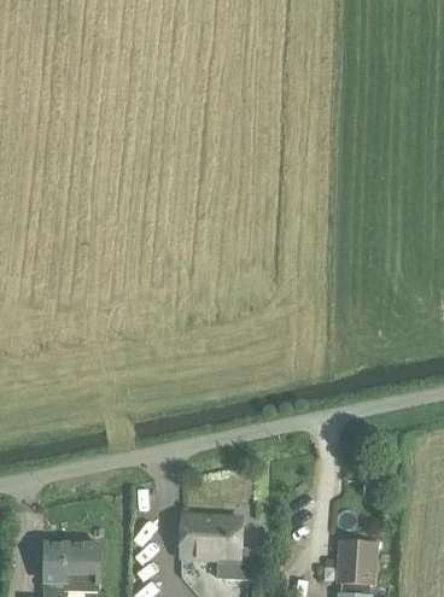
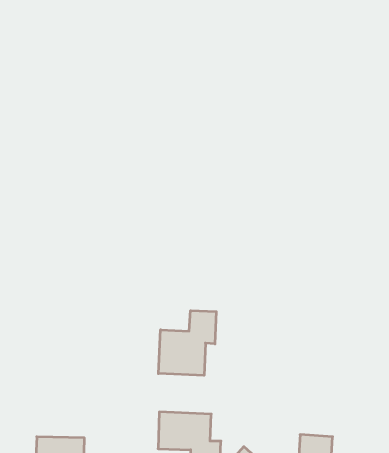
building: none -> [158,311,216,375]

